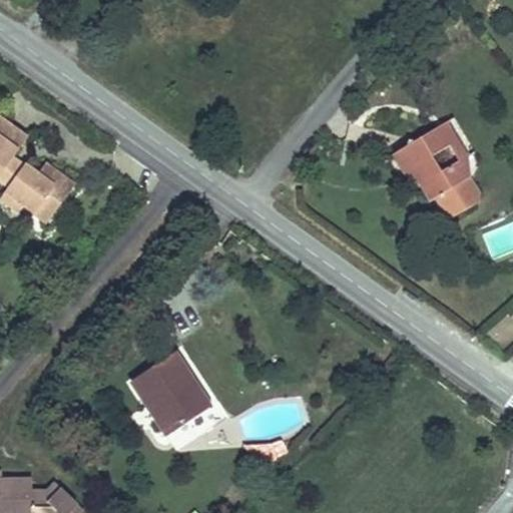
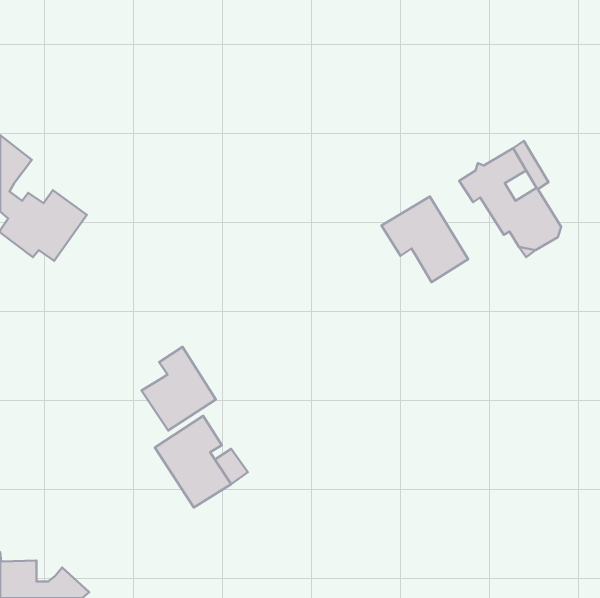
building: none -> [382,197,468,282]
building: none -> [142,347,216,430]

